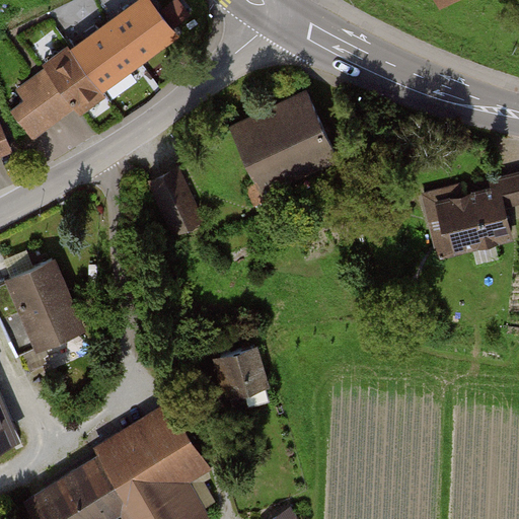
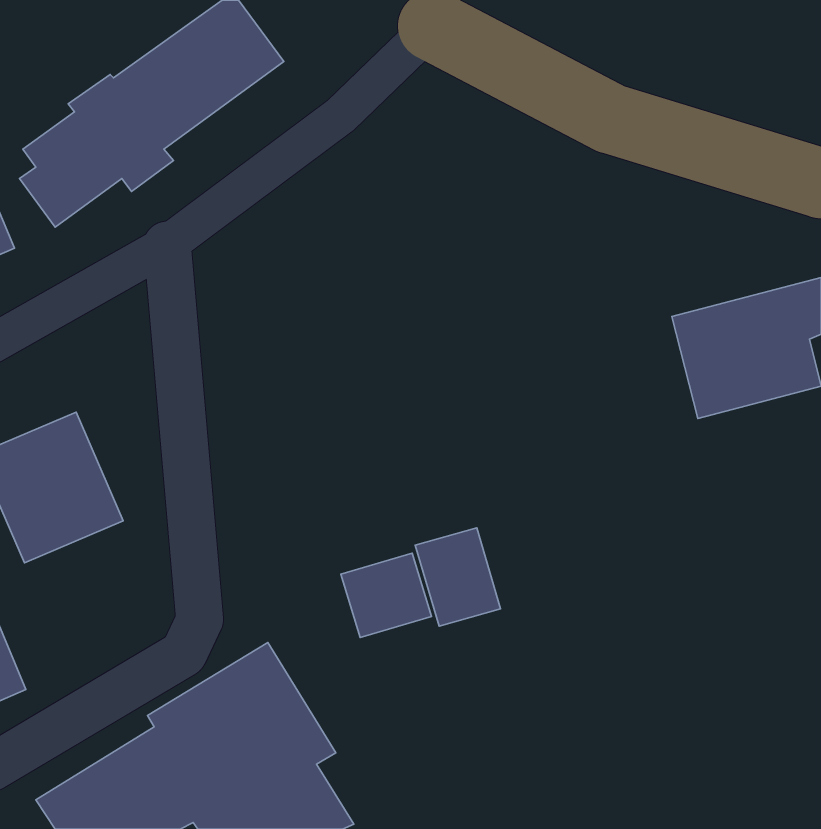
building: [231,93,337,196] -> none
building: [148,171,202,238] -> none
building: none -> [415,528,501,626]

